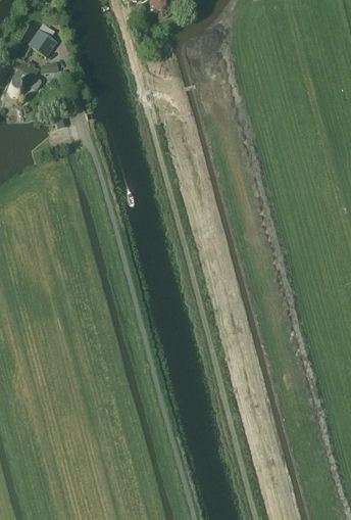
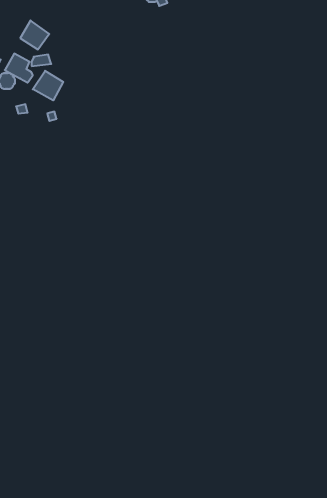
building: none -> [33,71,63,100]

